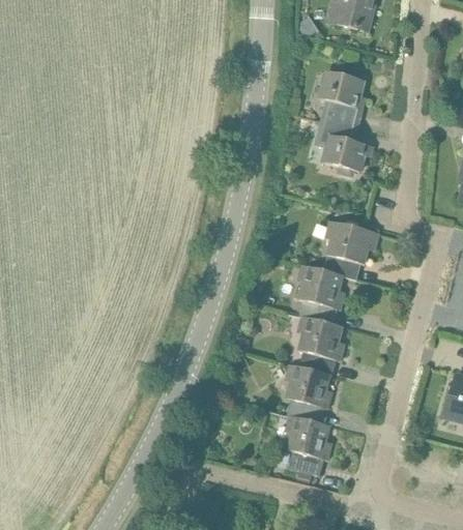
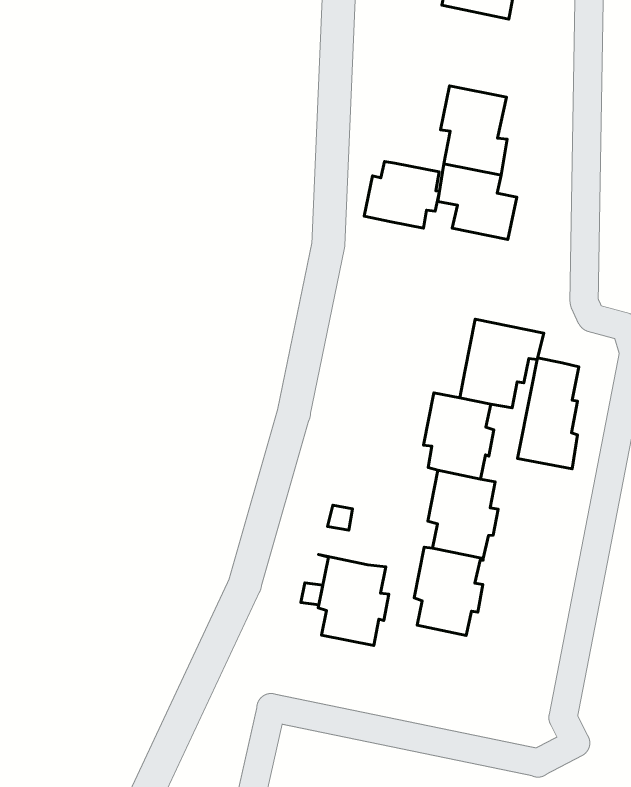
building: none -> [364,162,439,228]
building: none -> [517,358,579,469]
building: [285,414,330,474] -> [318,554,389,645]

